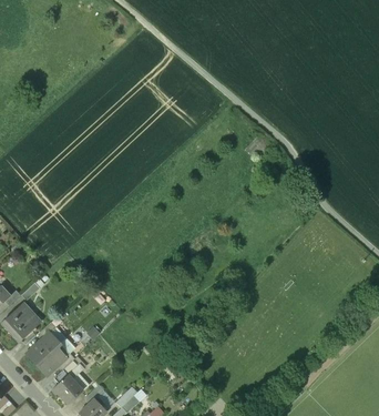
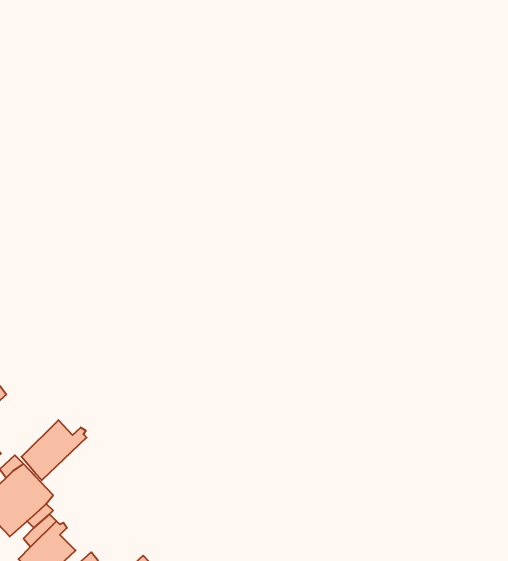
building: none -> [21,420,87,480]

